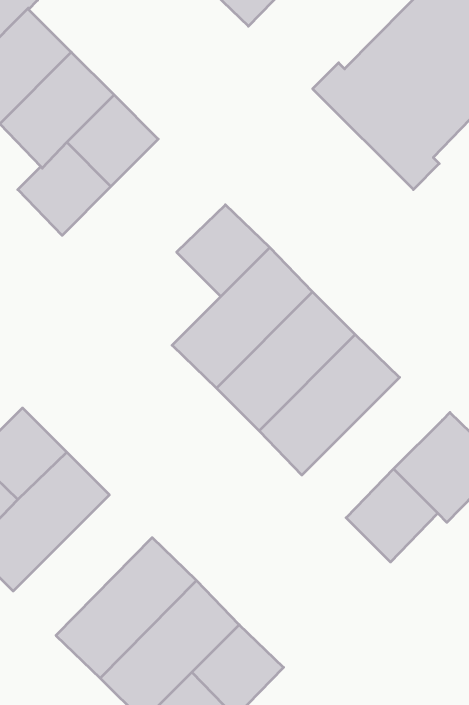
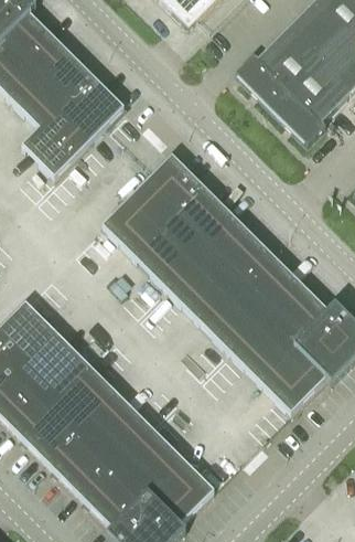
building: none -> [101,188,169,255]
building: none -> [227,278,329,380]
building: none -> [19,363,119,465]

